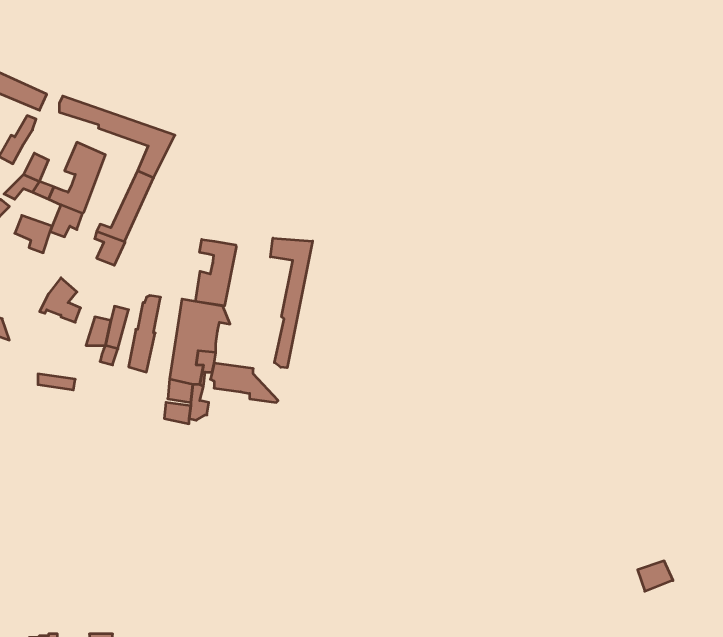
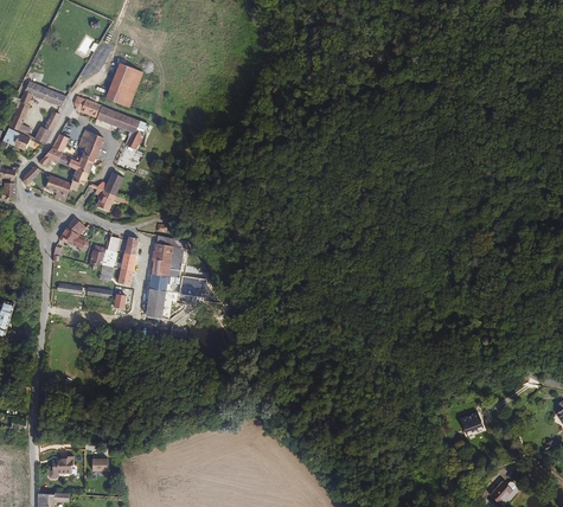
building: none -> [108,64,142,107]
building: [270,238,313,368] -> none
building: [196,239,236,306] -> none

